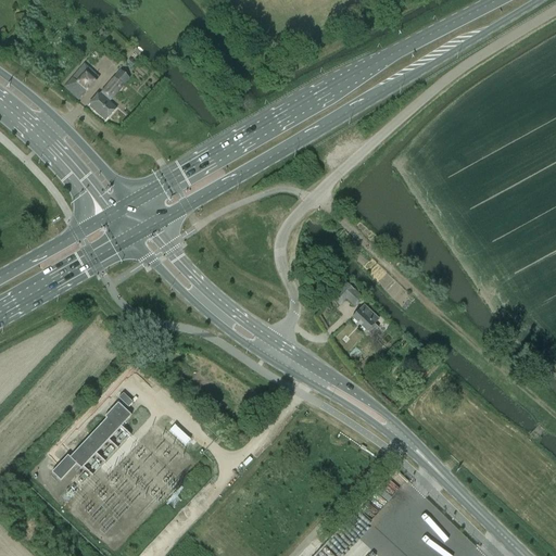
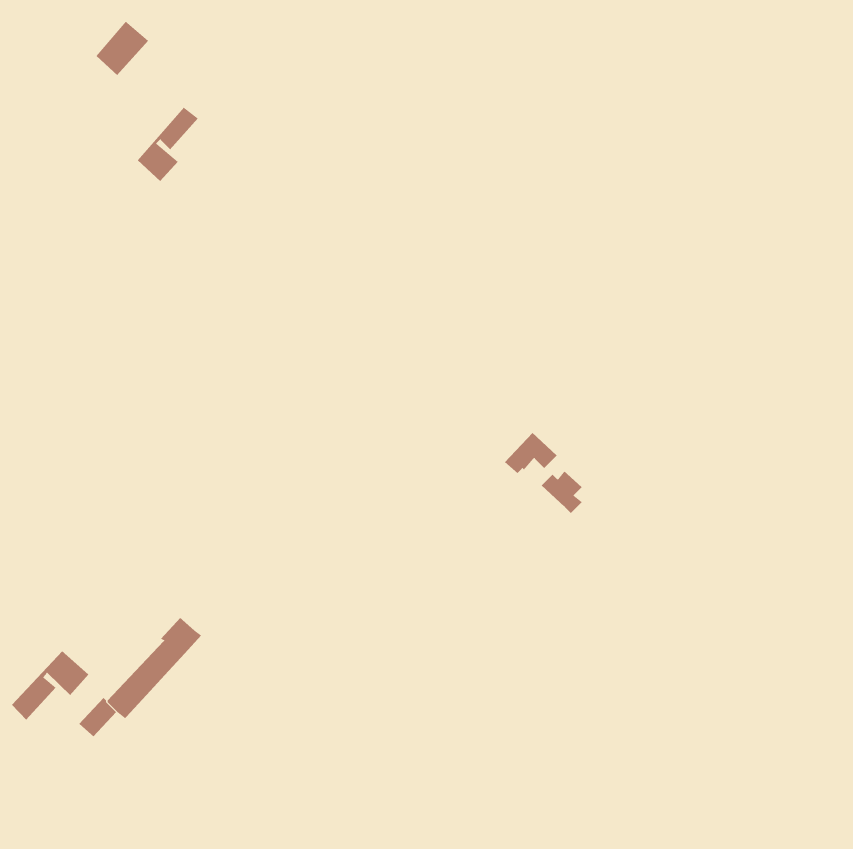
building: [64,62,99,98] -> [96,21,149,76]
building: none -> [11,651,89,720]

